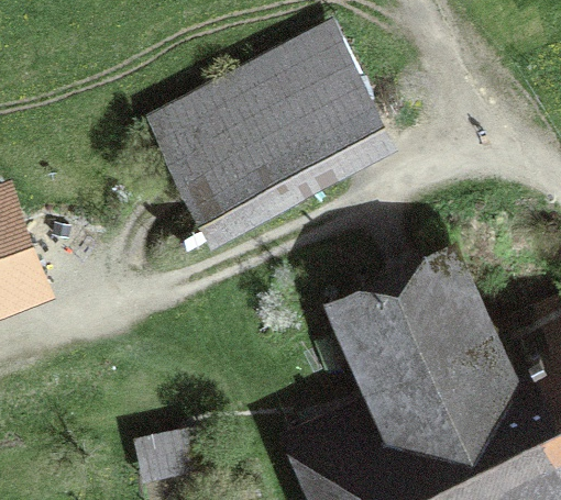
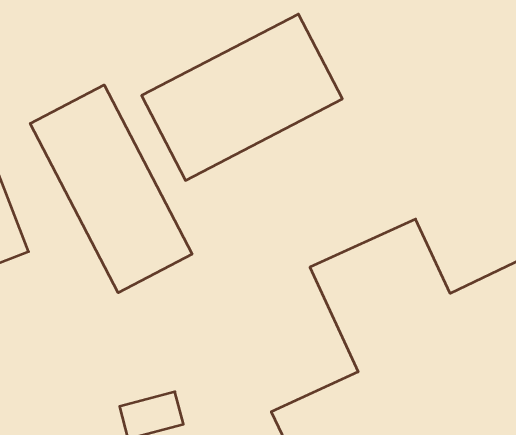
building: none -> [30,85,192,293]

